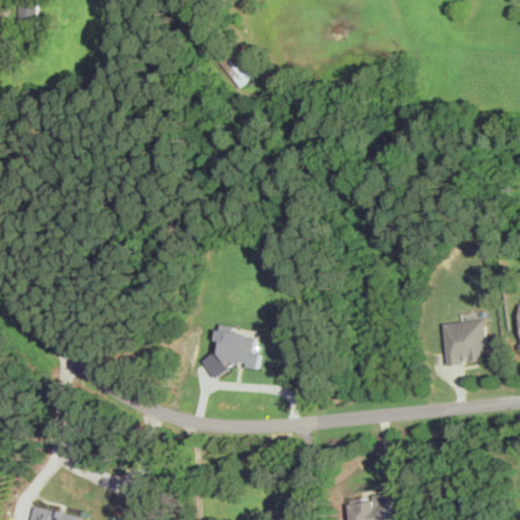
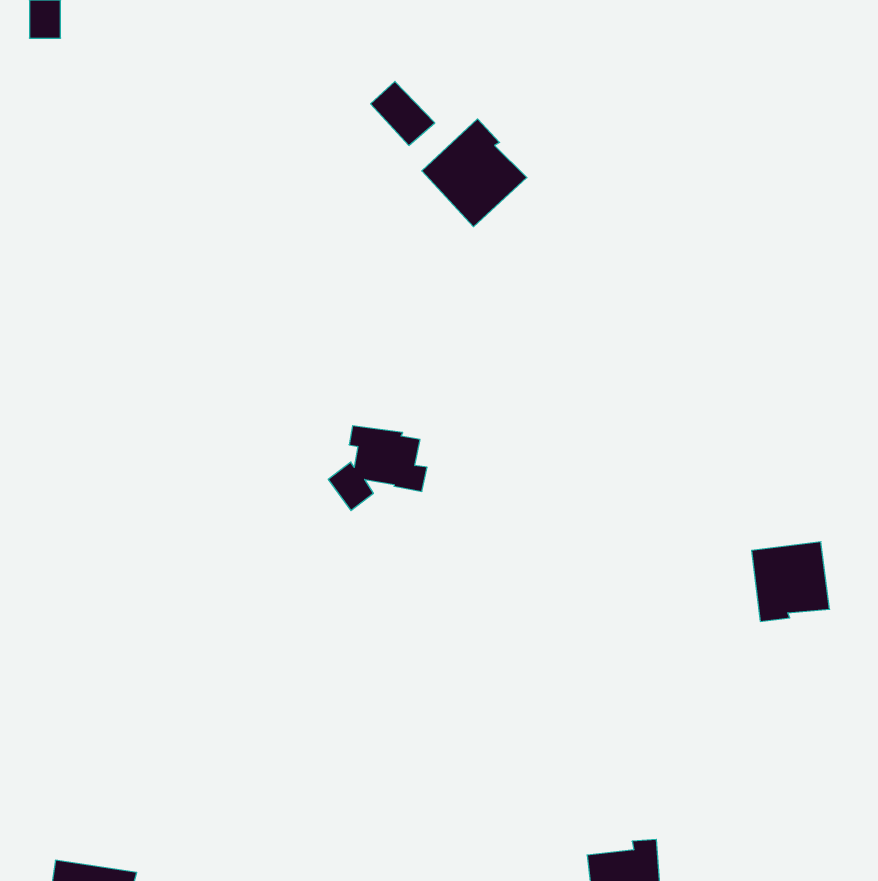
building: none -> [422,119,527,227]
building: [200,329,258,379] -> [328,426,427,511]

